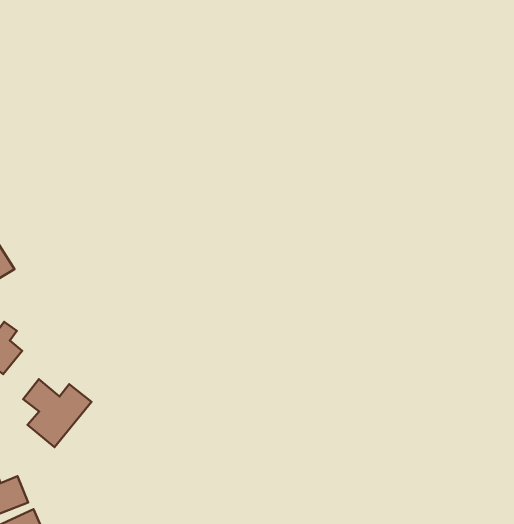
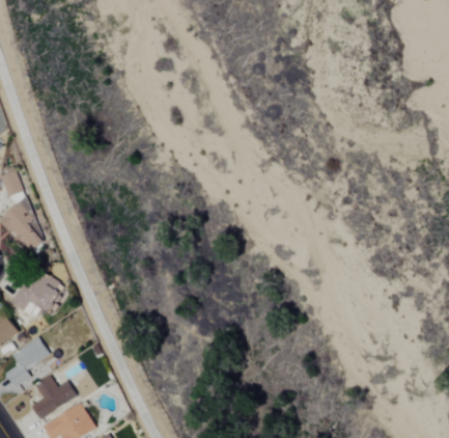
building: [23,379,91,447] -> none

